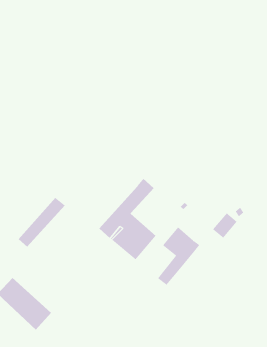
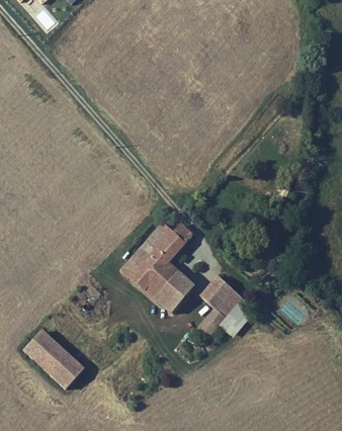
building: [18,197,66,248] -> [122,223,174,277]
building: [212,212,238,239] -> [222,303,249,331]

